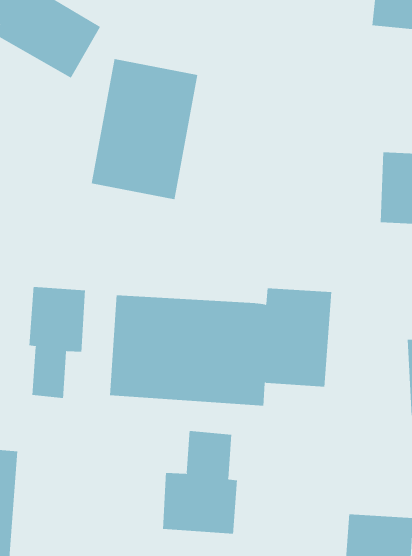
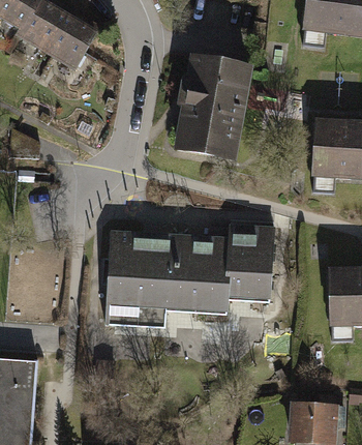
building: [91,58,198,200] -> [169,59,250,167]
building: [29,286,86,399] -> none
building: [162,430,238,534] -> none

